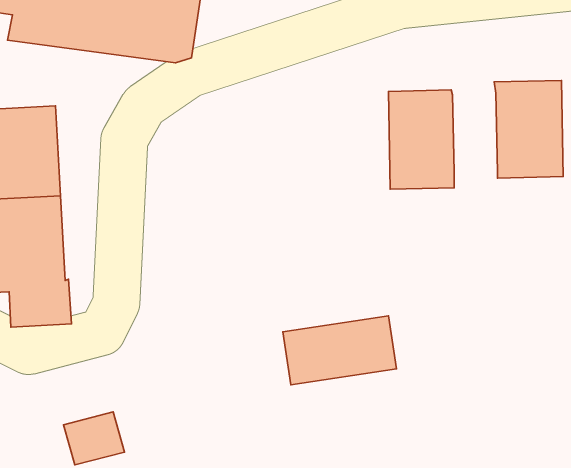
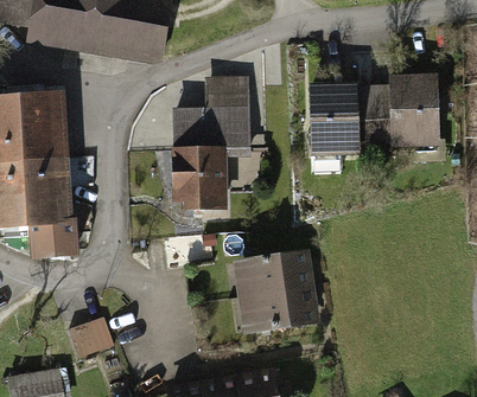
building: none -> [170,76,247,207]
building: none -> [357,83,390,141]
building: none -> [237,287,320,332]

